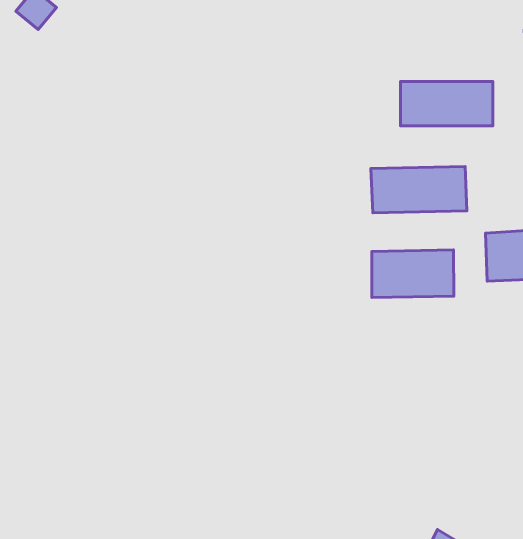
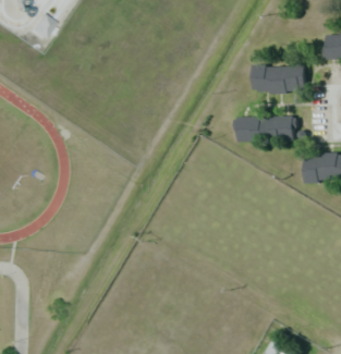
building: [372,250,454,298] -> none

